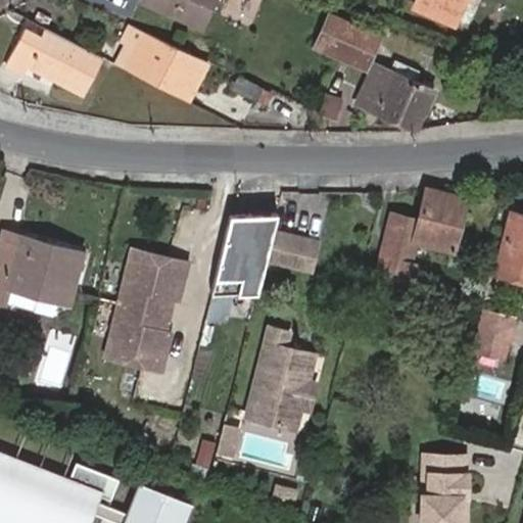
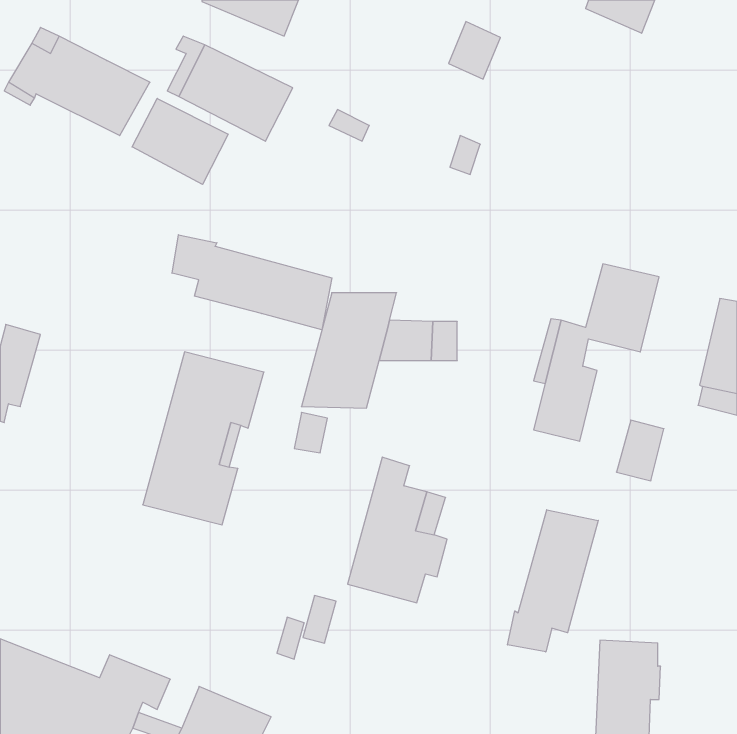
building: [342,29,379,69] -> none
building: [359,62,431,131] -> none
building: none -> [132,98,228,184]
building: none -> [172,235,332,330]
building: [14,239,81,304] -> none
building: [474,313,508,355] -> [616,420,664,481]
building: none -> [508,510,598,652]

